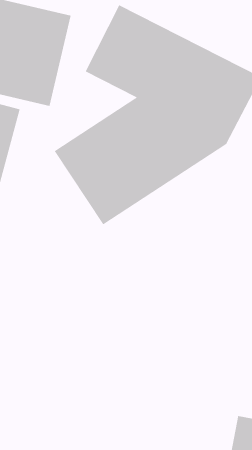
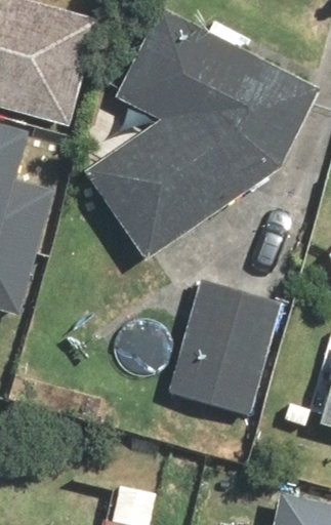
building: none -> [168,281,281,416]

